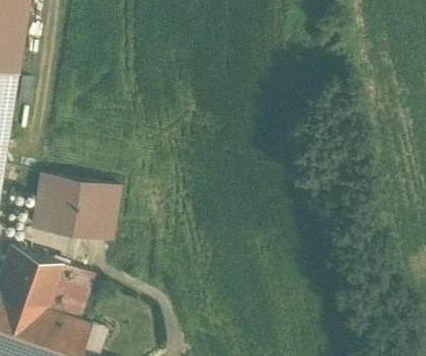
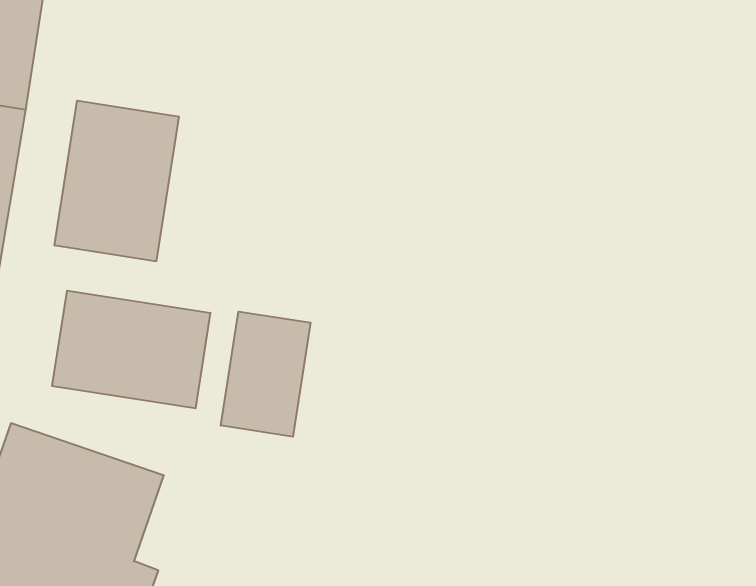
building: none -> [55,101,179,261]
building: none -> [221,312,311,437]

